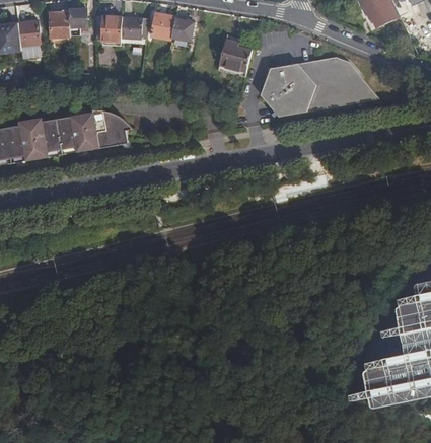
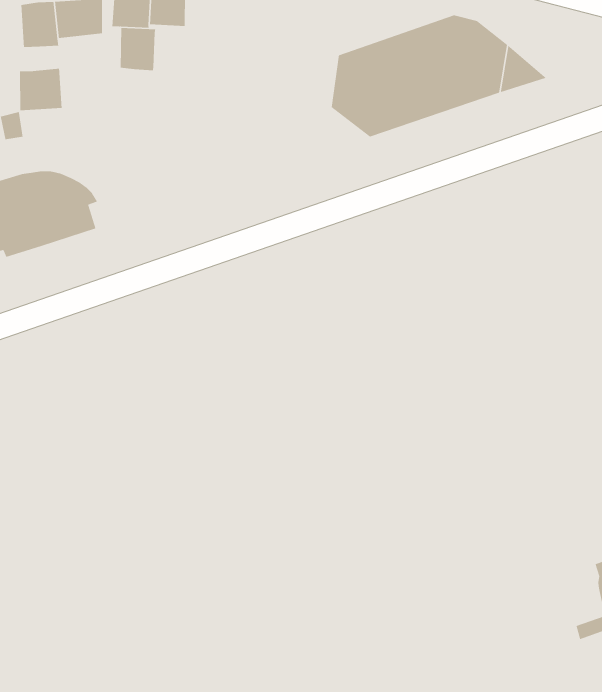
building: none -> [120,27,156,71]
building: [219,41,252,73] -> none
building: none -> [19,68,62,111]

